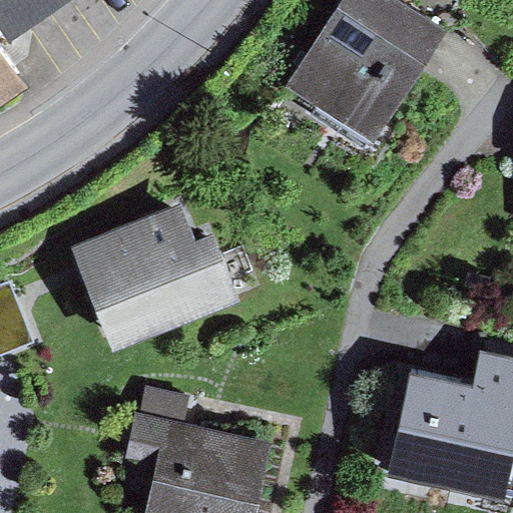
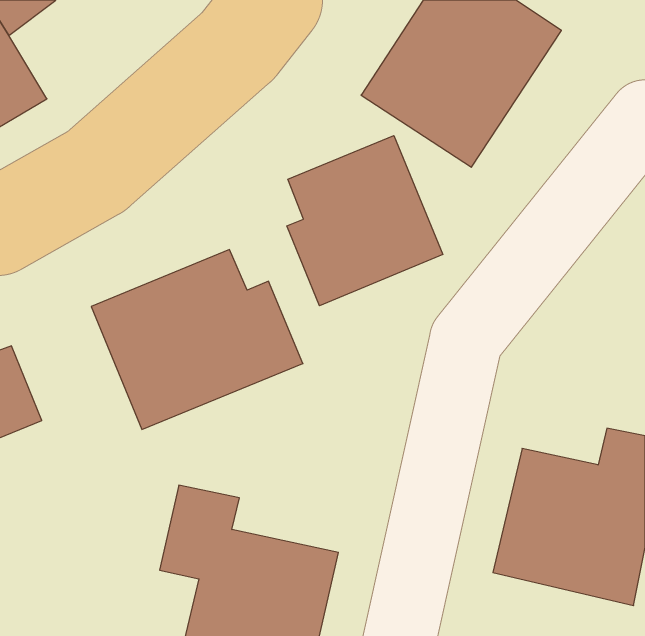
building: none -> [287,136,443,306]

